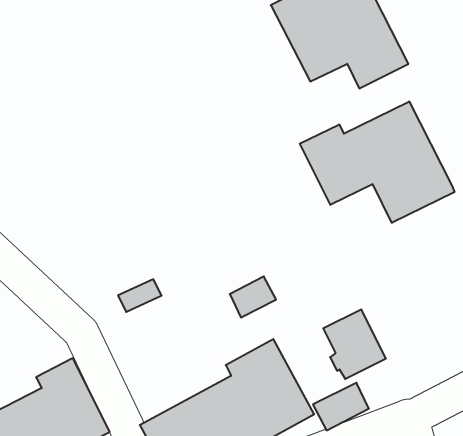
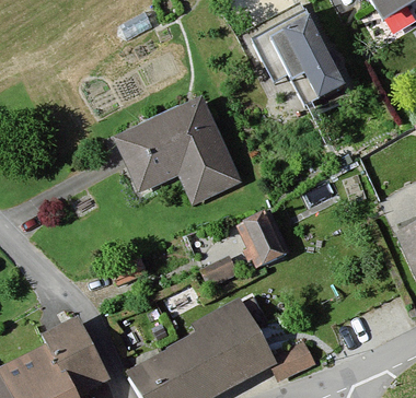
building: none -> [116,98,239,200]
building: [300,101,454,223] -> none
building: [323,309,386,379] -> [239,211,289,267]

